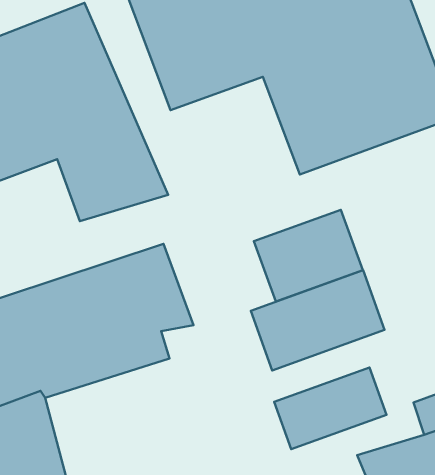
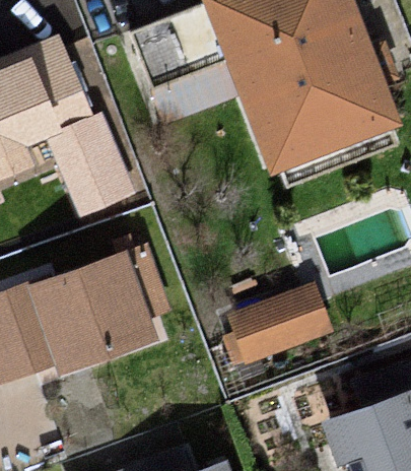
building: [254,210,363,302] -> none
building: [274,367,387,449] -> none

